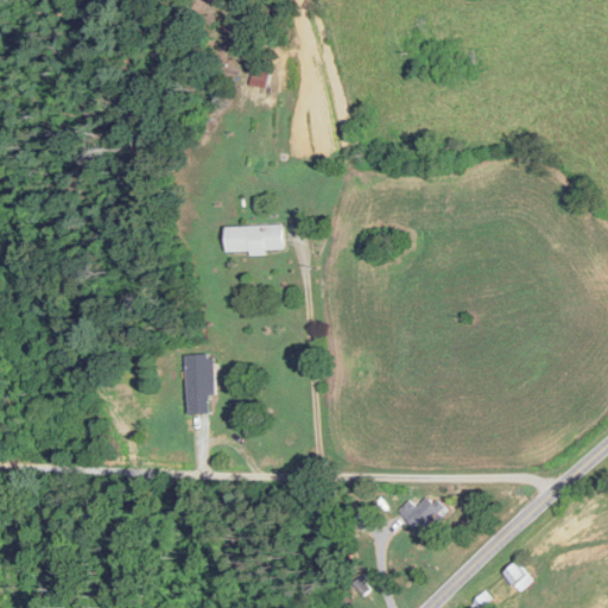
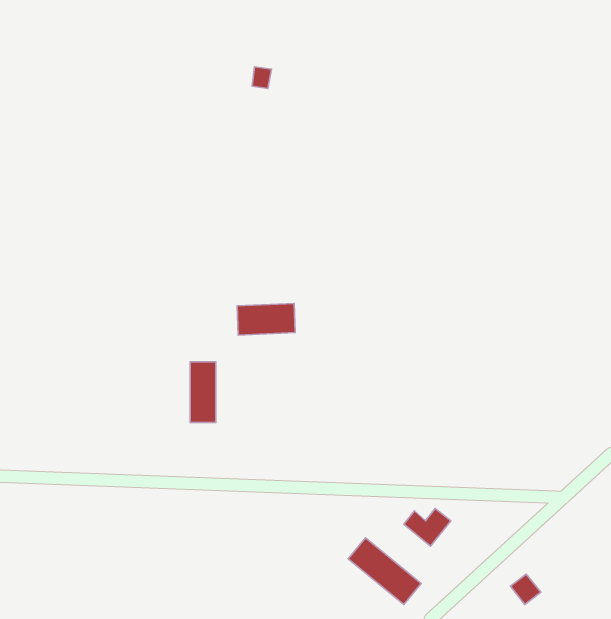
building: [223,223,280,254] -> [237,303,295,335]
building: none -> [348,538,421,605]

